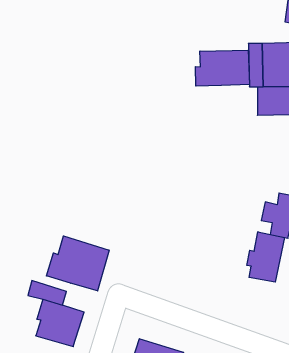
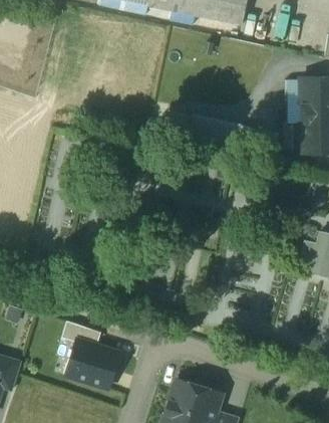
building: [195,50,249,86] -> none
building: [247,232,285,282] -> none
building: [46,236,109,291] -> none

